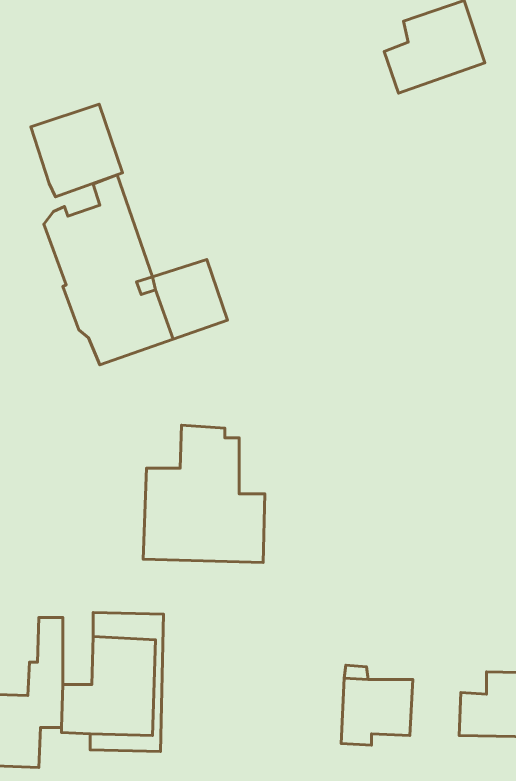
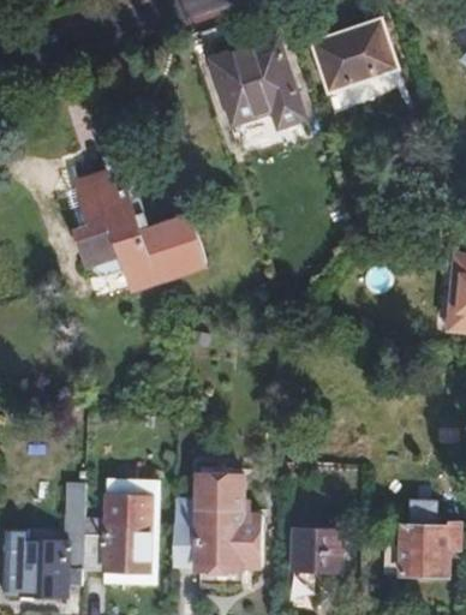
building: none -> [211,38,303,127]
building: [31,104,123,197] -> none
building: [143,425,265,562] -> [169,466,261,569]

